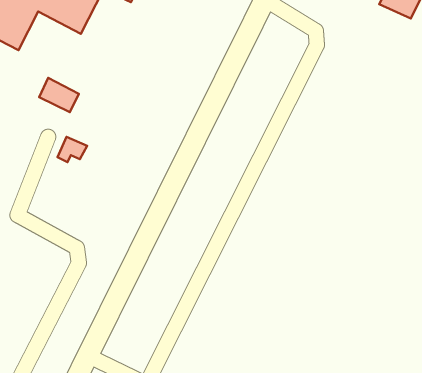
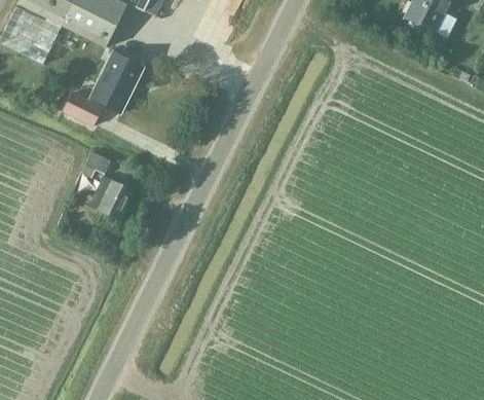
building: none -> [91,51,144,112]
building: none -> [89,176,134,218]

